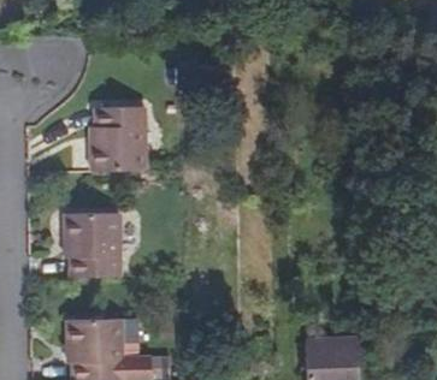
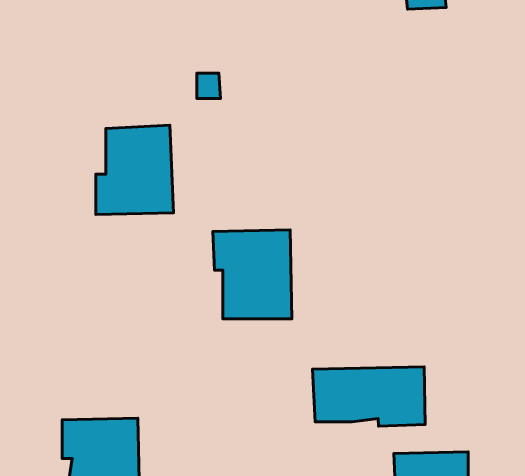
building: [64,209,120,273] -> [213,230,292,319]
building: none -> [313,367,425,426]

